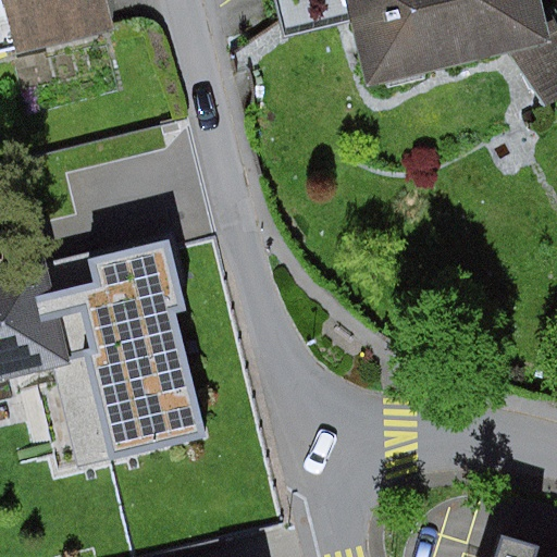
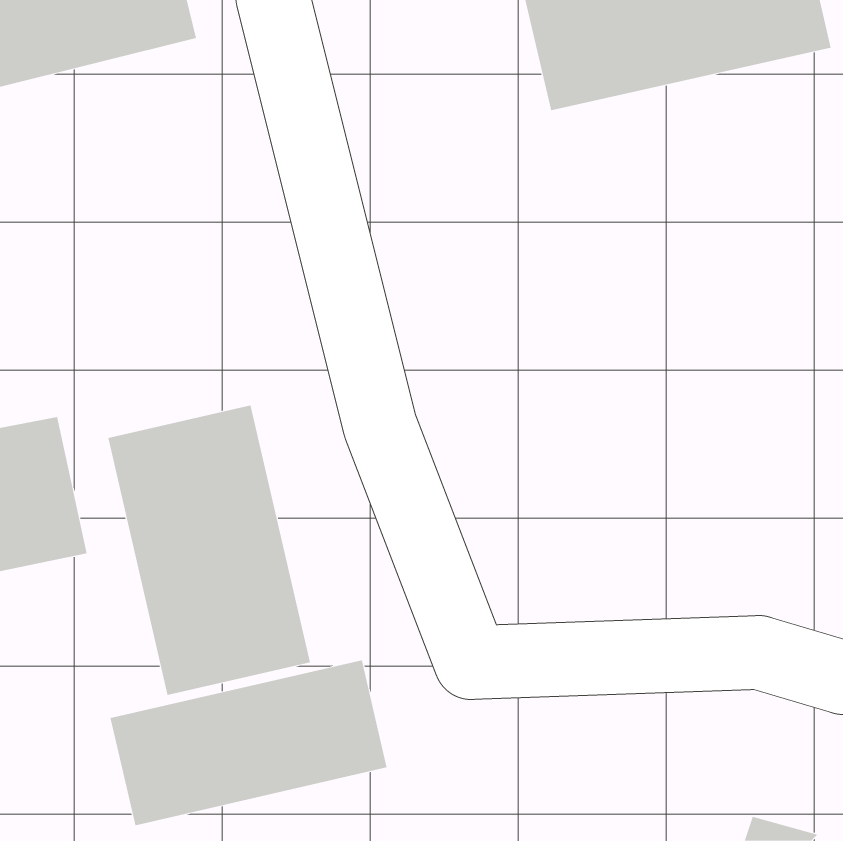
building: none -> [110,659,387,826]

